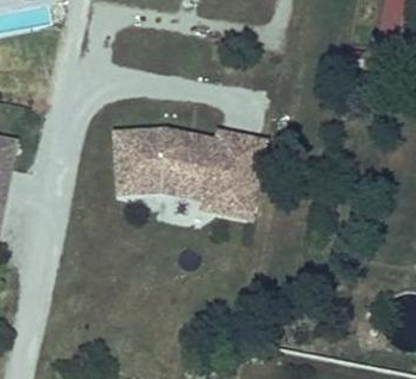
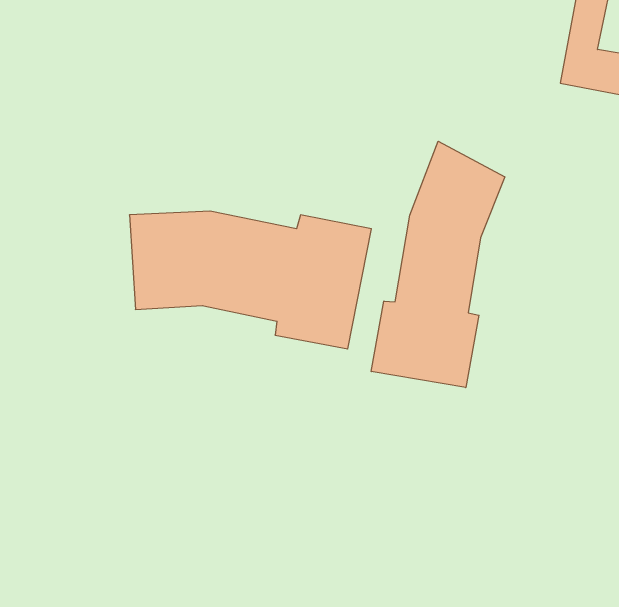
building: none -> [371,141,505,388]

